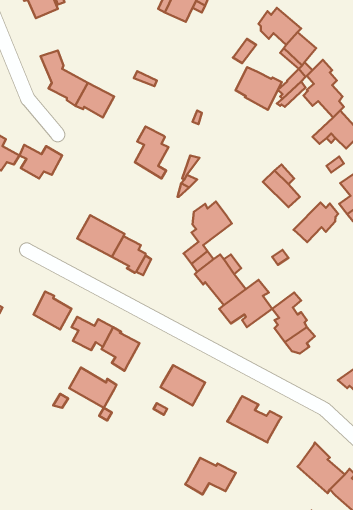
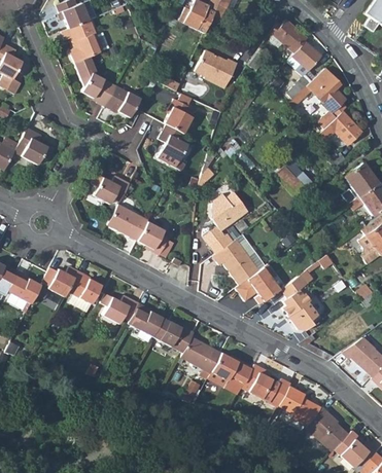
building: none -> [63,19,104,62]
building: [236,67,282,110] -> [195,49,236,87]
building: none -> [165,98,194,133]
building: [20,145,62,178] -> [92,174,130,204]
building: [293,202,338,242] -> none
building: none -> [42,266,78,297]
building: [69,367,117,408] -> [152,318,195,354]
building: none -> [277,387,318,426]
building: [185,458,236,495] -> [208,353,253,386]

